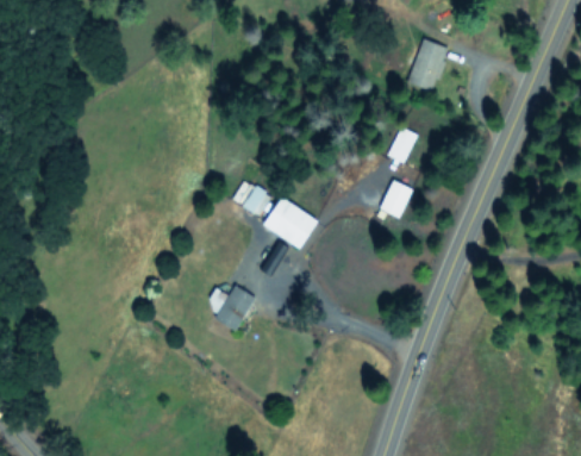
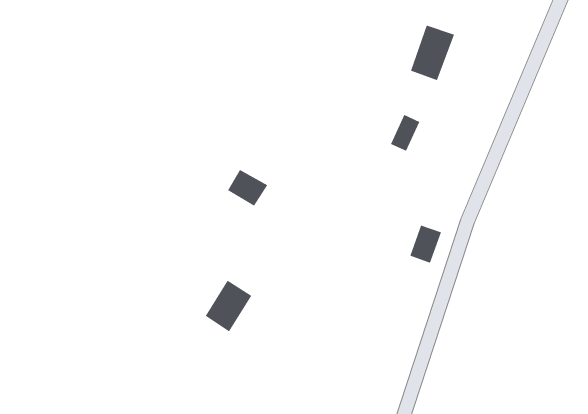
building: [381,181,412,218] -> [409,225,442,263]
building: [262,196,318,249] -> none

